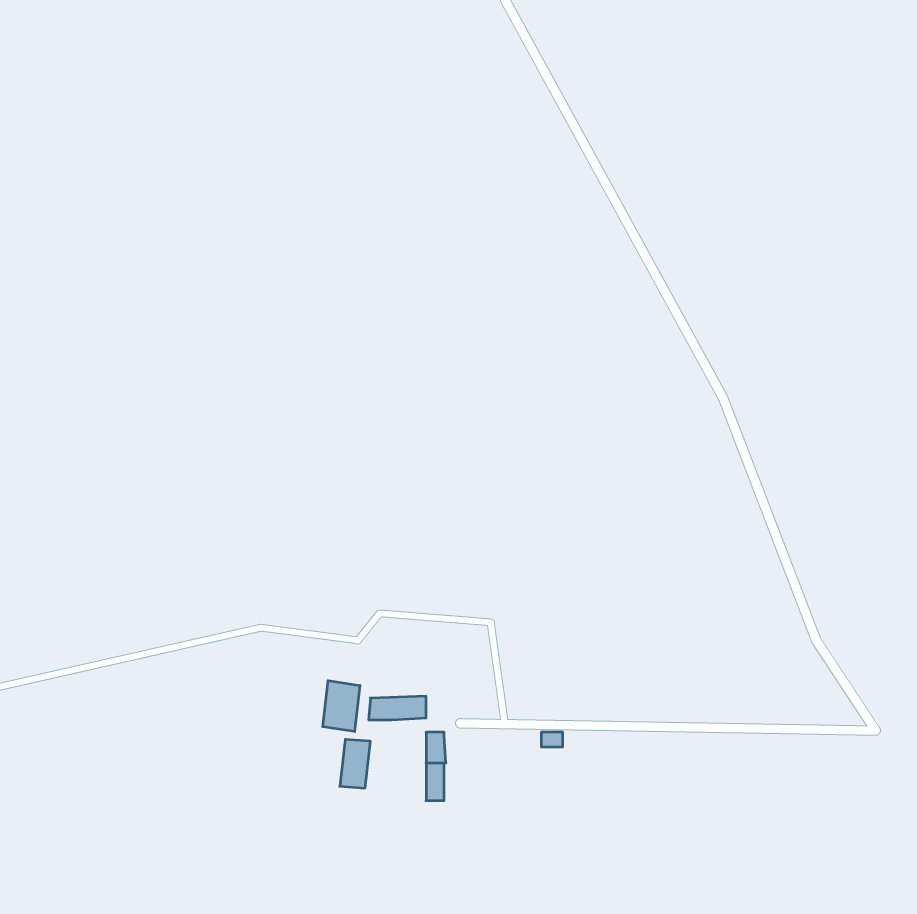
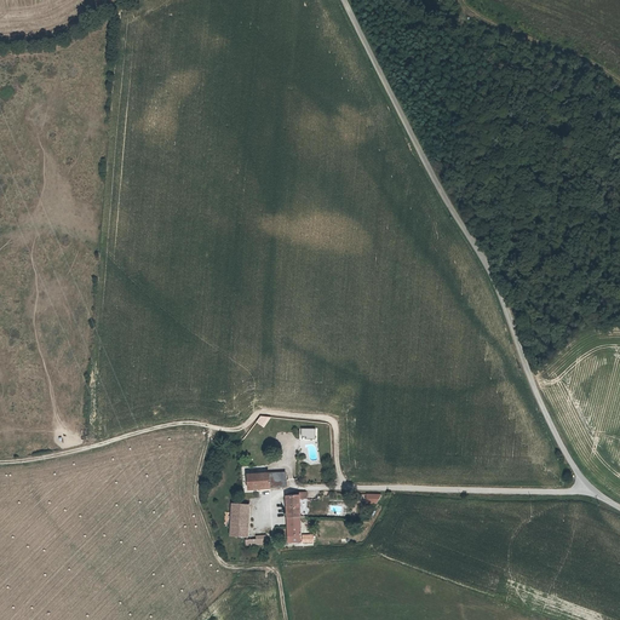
building: [323,681,360,732] -> none

